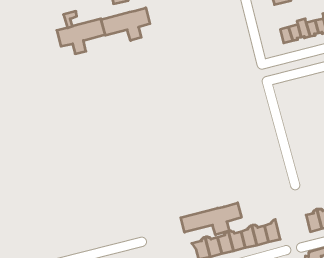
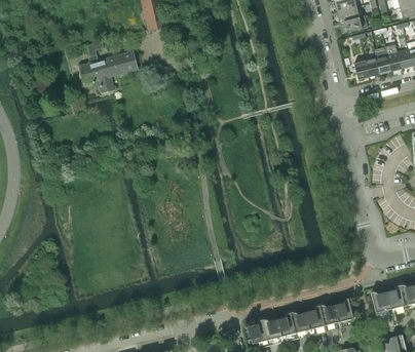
building: [101,8,150,41] -> none
building: [181,203,241,235] -> none
building: none -> [371,292,391,319]

